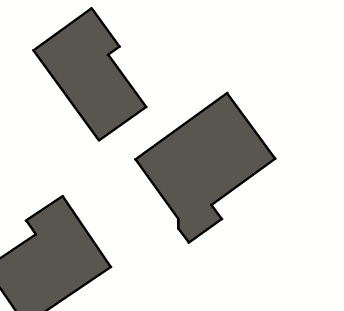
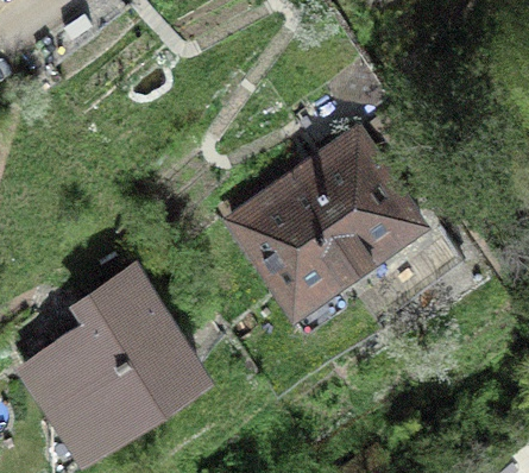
building: [33,8,146,140] -> none

